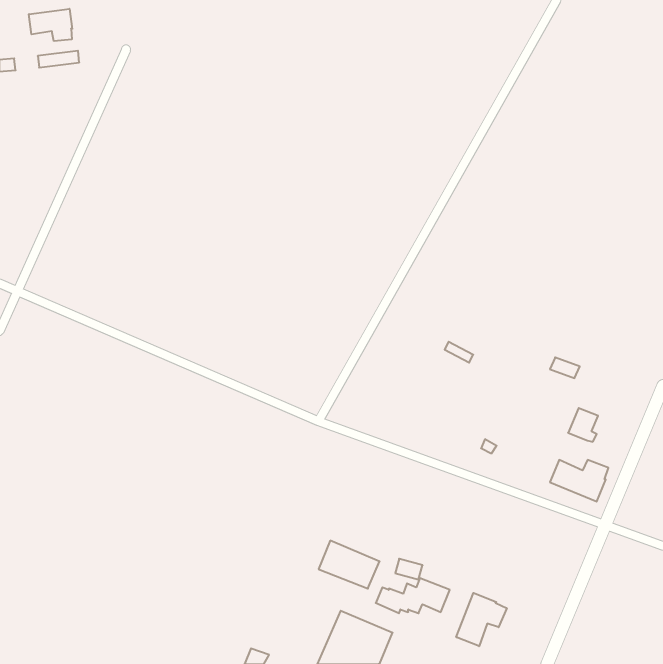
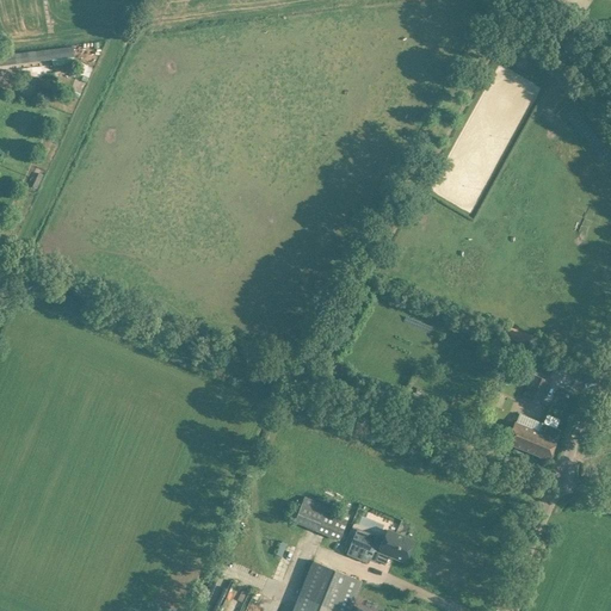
building: [29,9,72,41] -> none
building: [456,593,507,646] -> none

